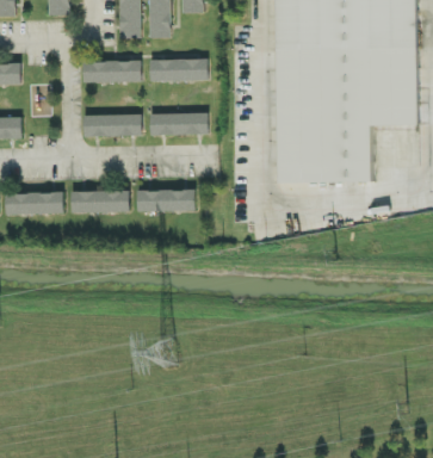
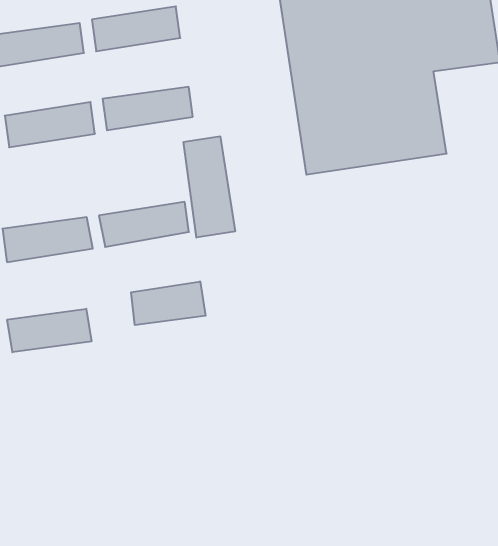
building: none -> [184,136,235,238]
building: none -> [131,281,206,325]
building: none -> [7,309,91,352]

